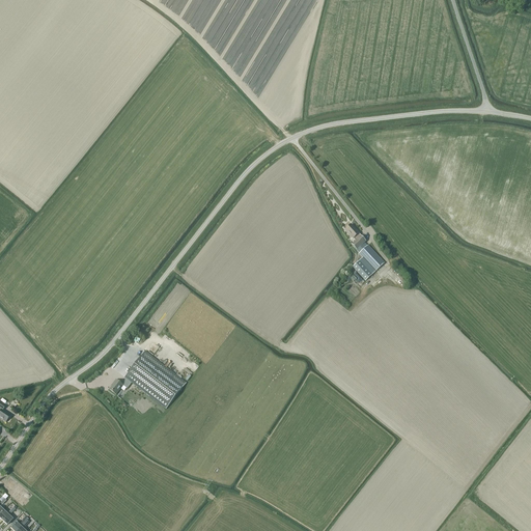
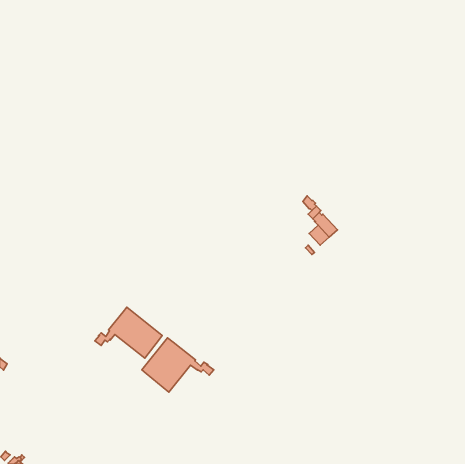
building: none -> [142,338,214,392]

